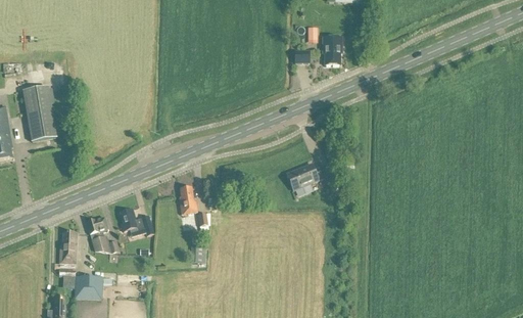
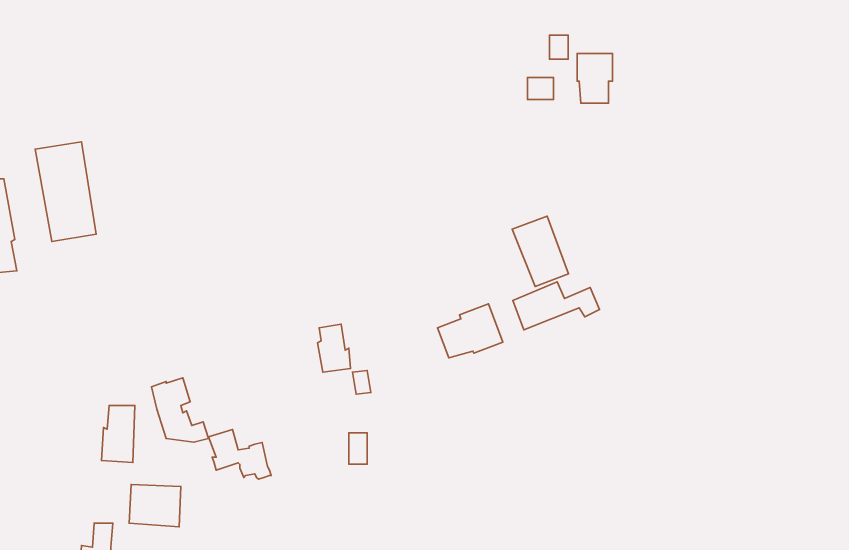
building: none -> [512,216,568,287]
building: none -> [438,304,503,358]
building: [120,209,154,236] -> [209,430,271,479]

